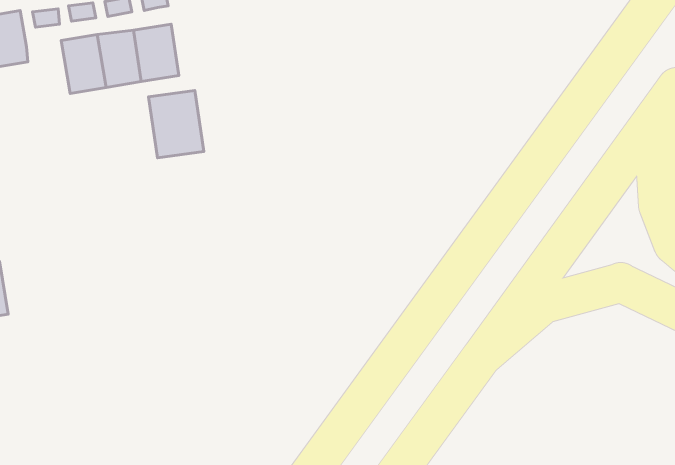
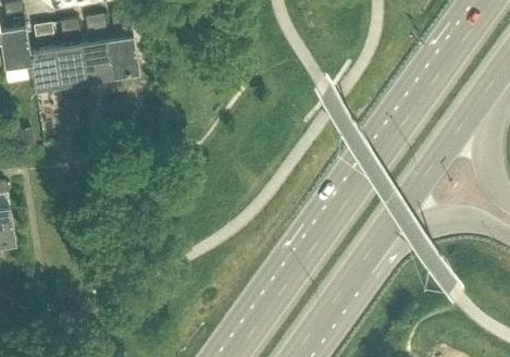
building: none -> [28,49,60,91]
building: [149,91,204,158] -> none

